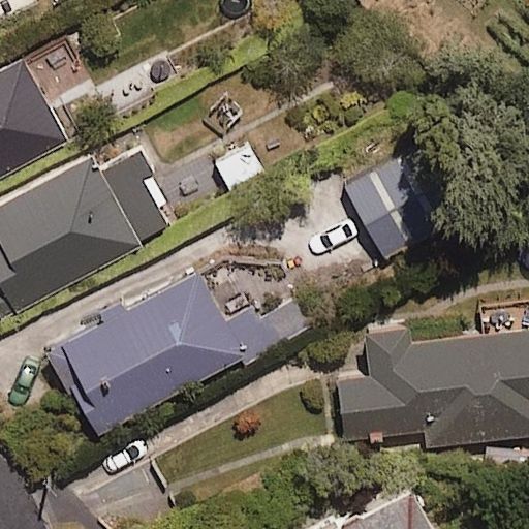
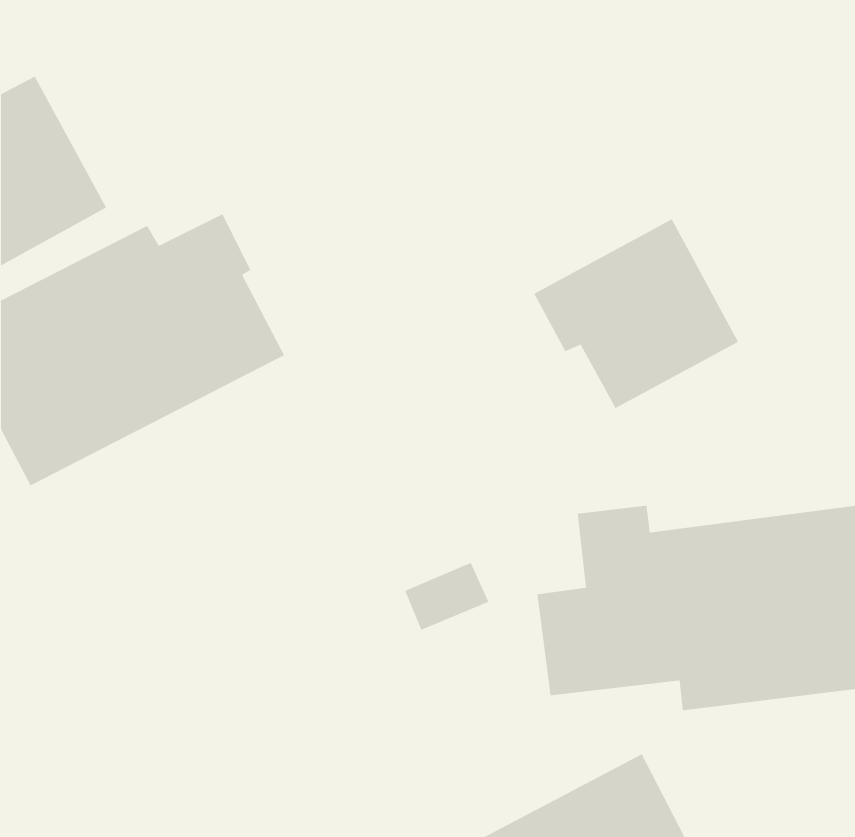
building: [42,269,271,439] -> none

